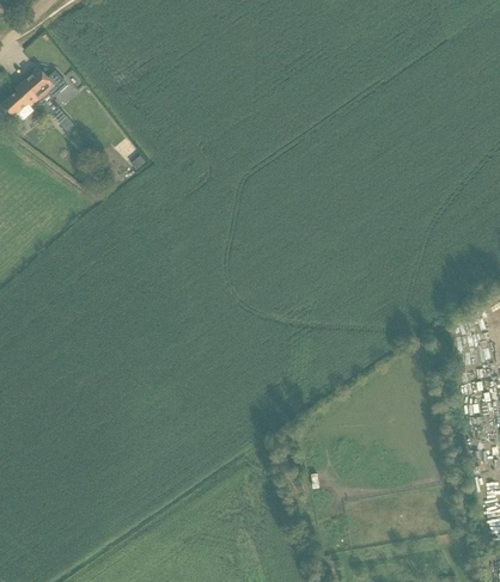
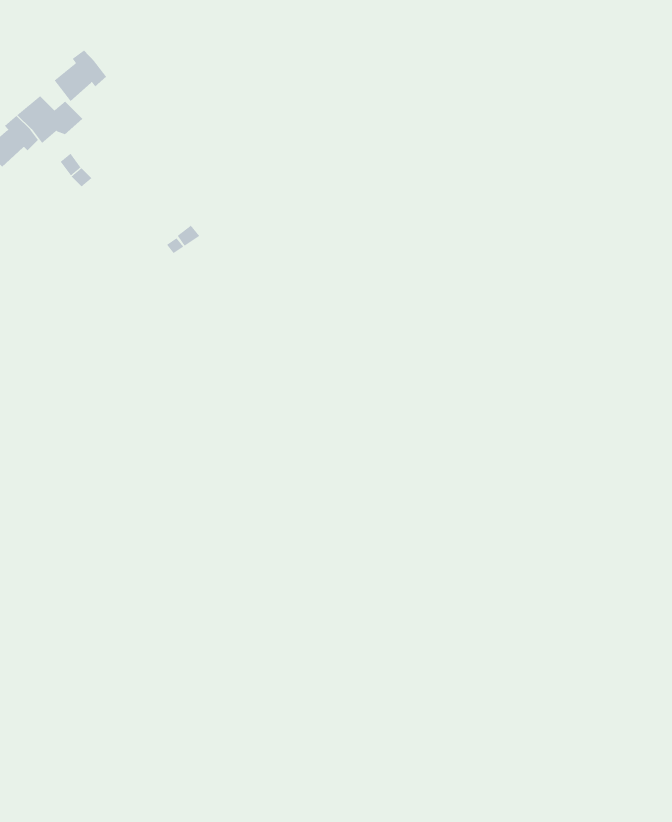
building: none -> [54,46,107,102]

